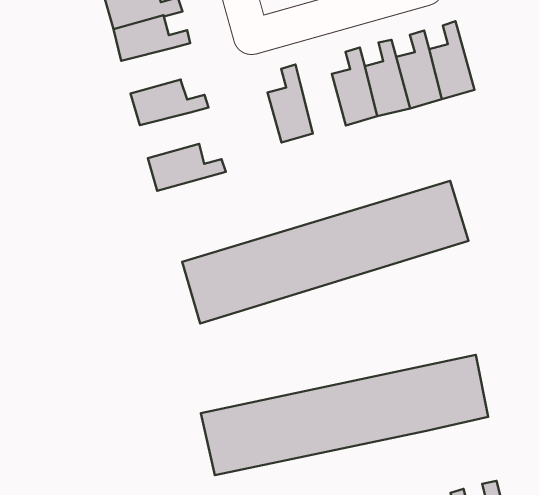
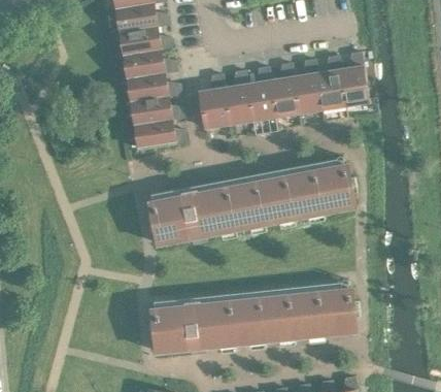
building: none -> [123,50,176,78]
building: none -> [246,67,275,120]
building: none -> [198,74,229,128]
building: none -> [131,96,183,125]

